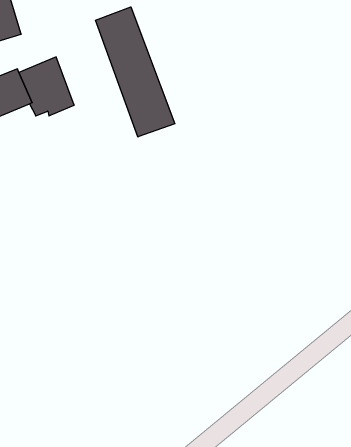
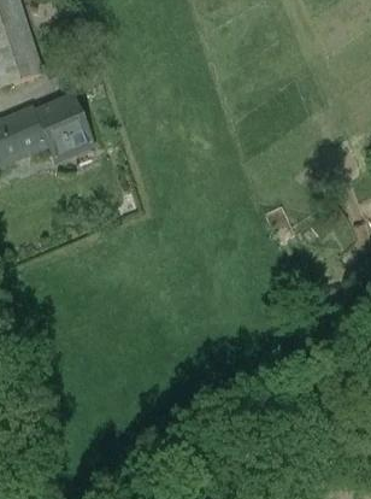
building: [96,7,175,137] -> none

